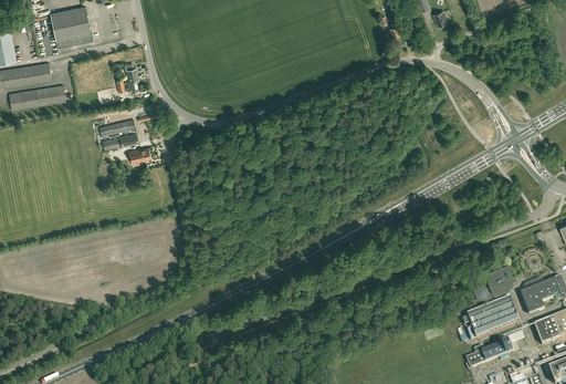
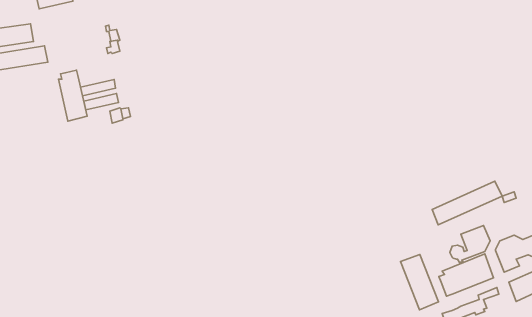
building: none -> [59,70,87,121]
building: none -> [432,181,502,225]
building: none -> [400,255,438,310]

